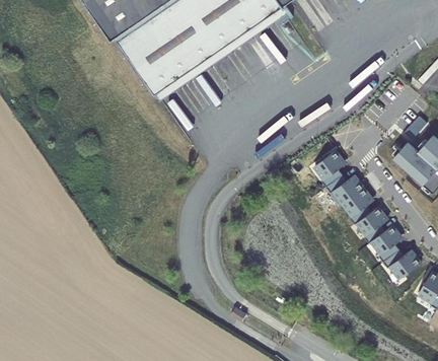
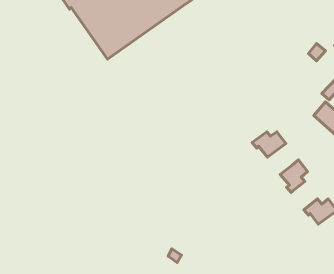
building: [313,153,343,188] -> none
building: [341,189,371,225] -> none
building: [369,226,399,263] -> none

